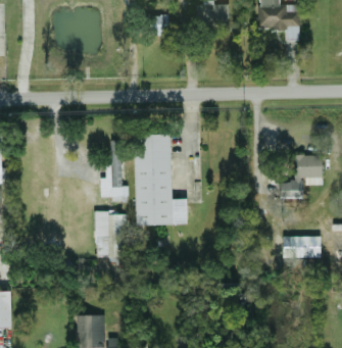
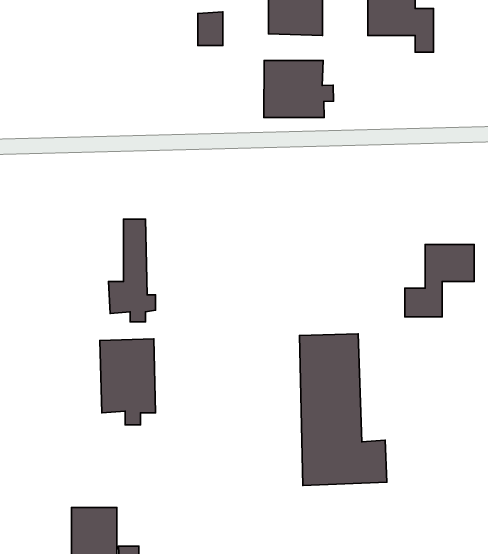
building: none -> [264,60,334,118]
building: [134,134,187,226] -> [299,334,387,486]
building: [285,239,311,256] -> none

